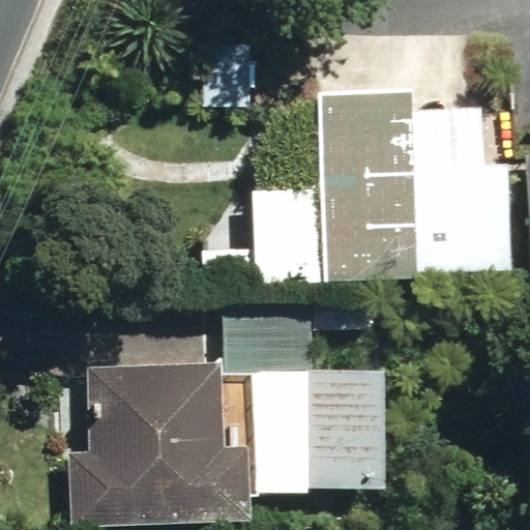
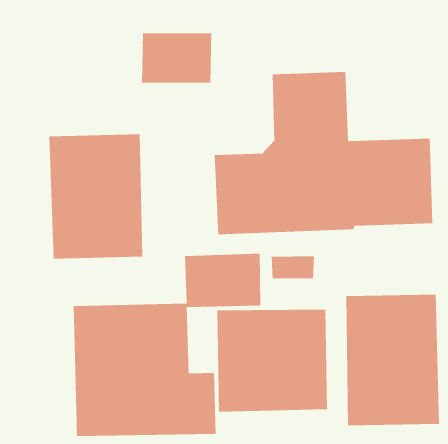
building: none -> [49,133,143,259]
building: none -> [345,294,440,426]

